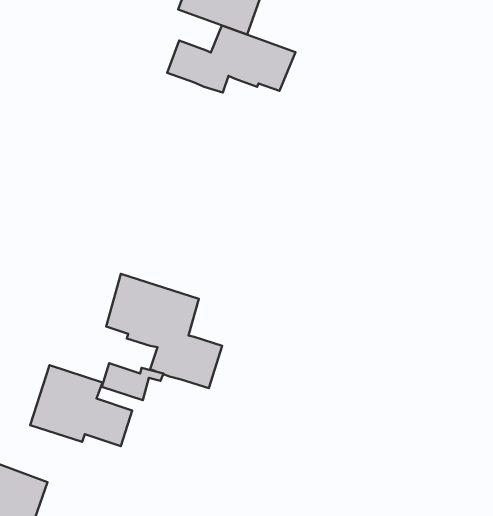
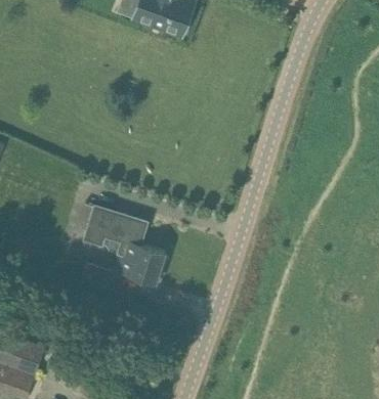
building: [167,25,296,93] -> none
building: [30,365,132,446] -> none

